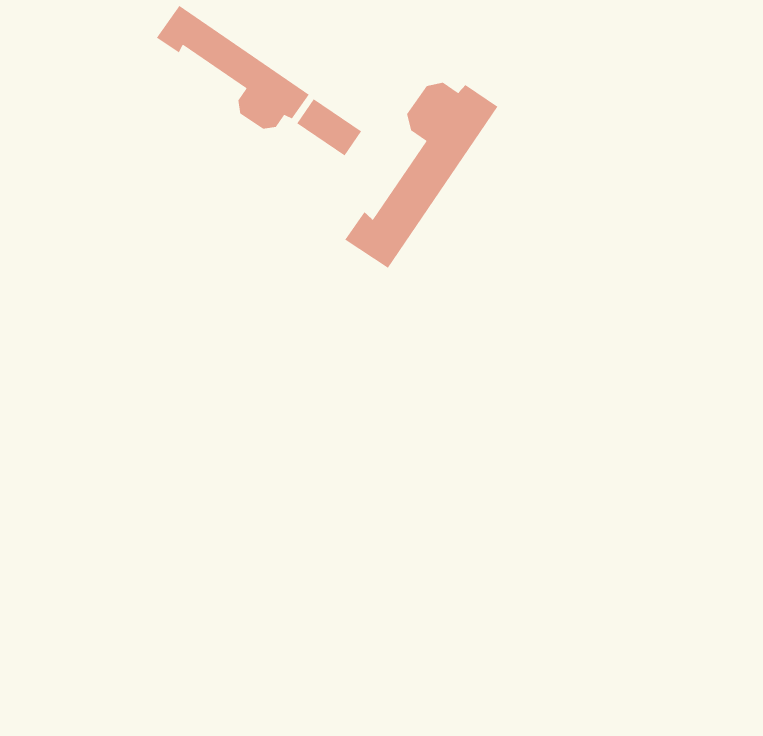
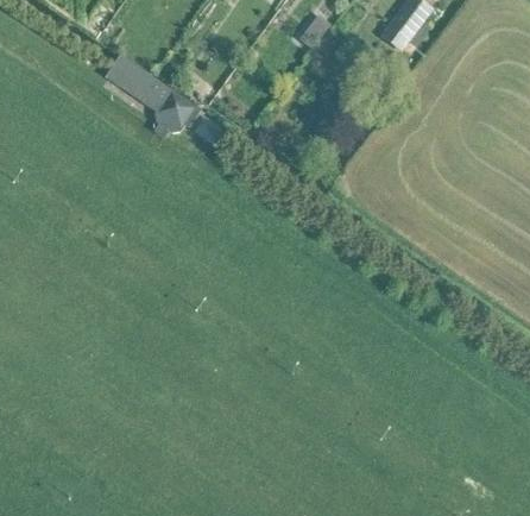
building: [344,82,498,269] -> none

